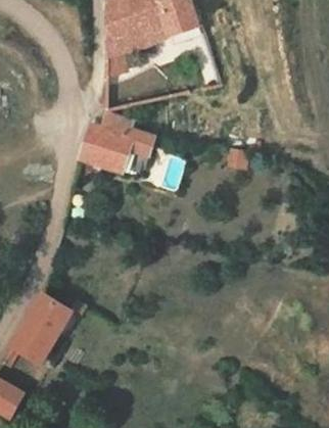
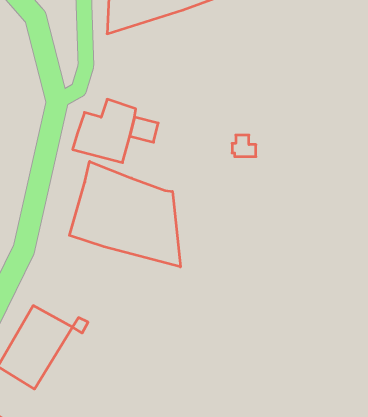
building: none -> [69,161,180,267]

